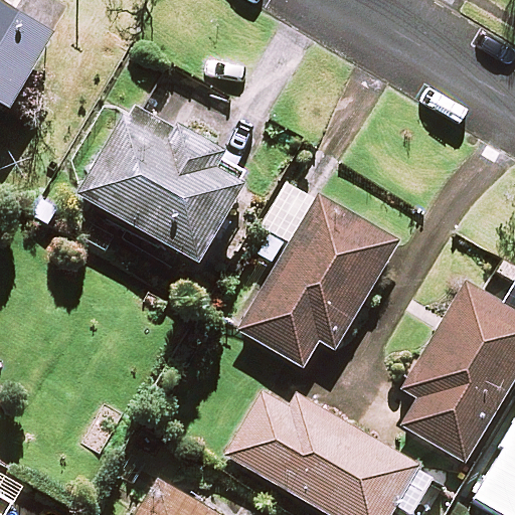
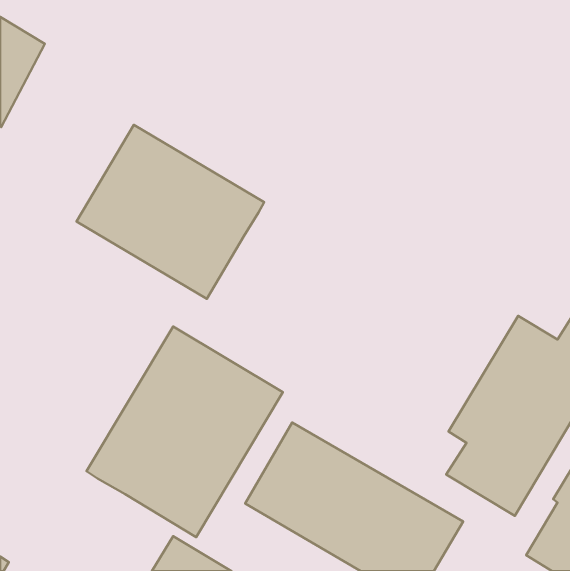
building: [239,178,399,367] -> none
building: none -> [86,326,283,537]

